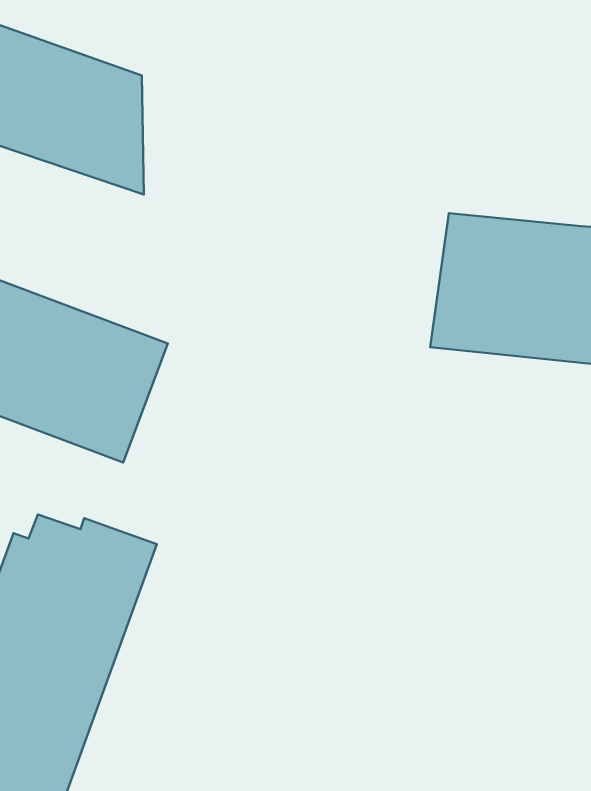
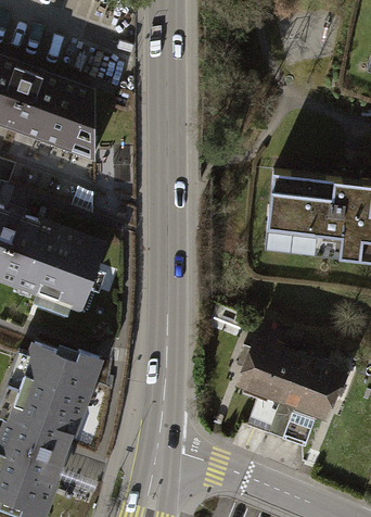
building: none -> [239,336,351,449]

